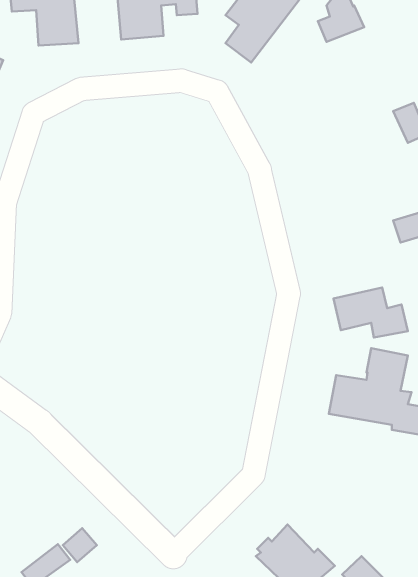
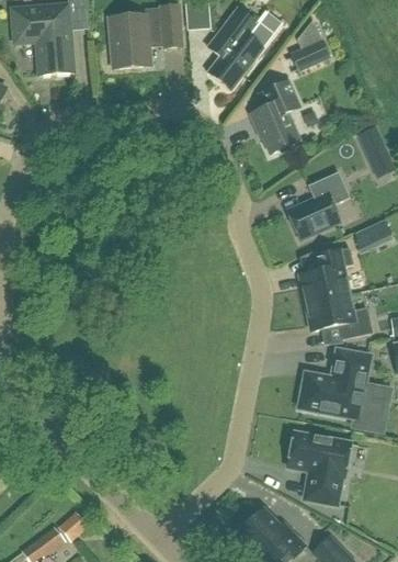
building: none -> [249,80,298,153]
building: none -> [287,170,350,237]
building: none -> [298,247,352,302]
building: none -> [287,431,350,504]

